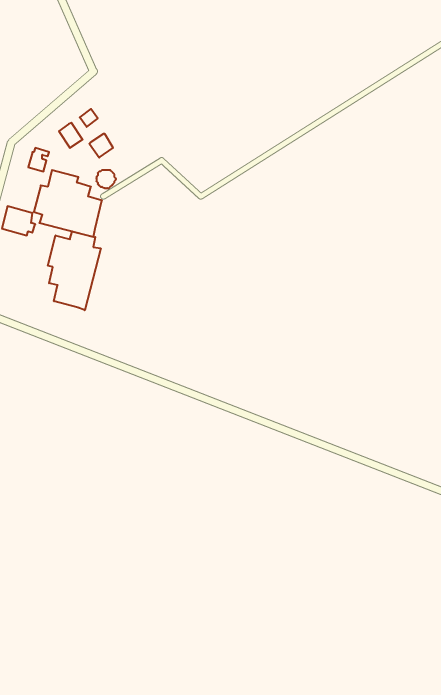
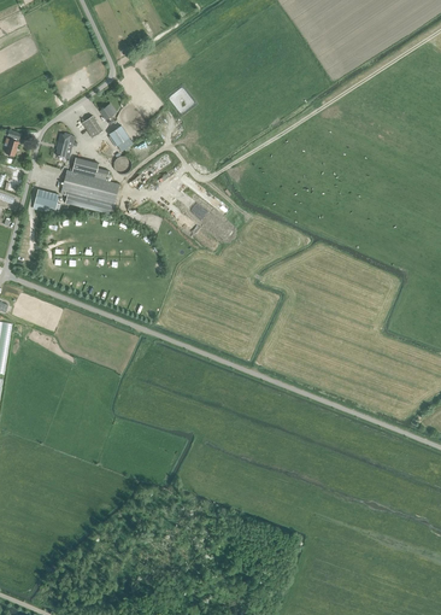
building: [48,231,101,310] -> none

